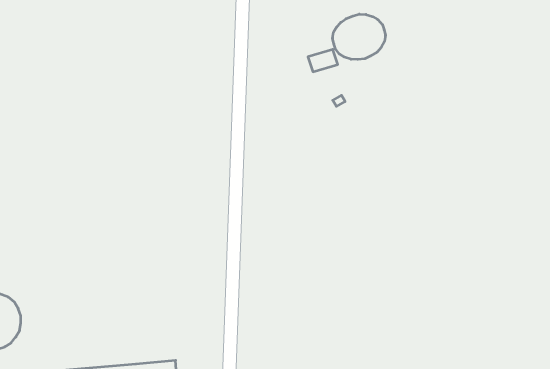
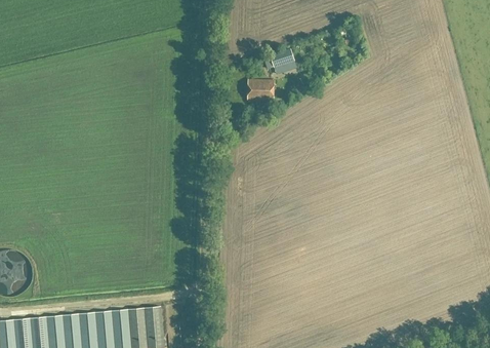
building: [333,14,385,59] -> none
building: none -> [246,79,273,100]

